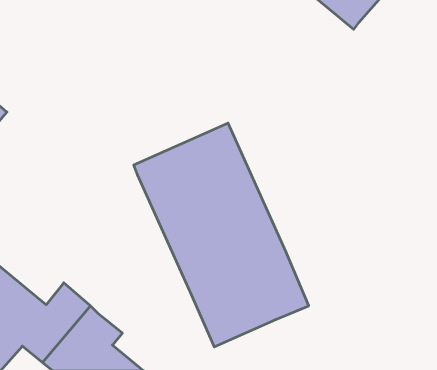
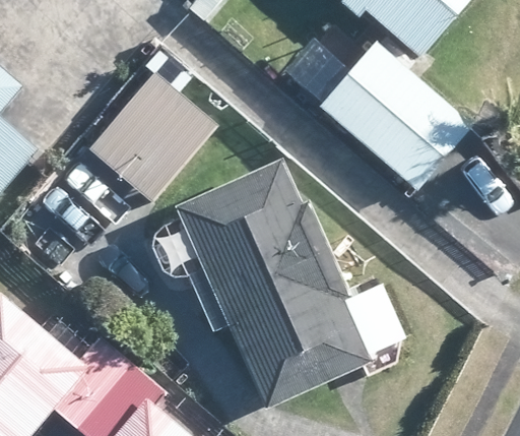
building: none -> [284,39,471,189]
building: none -> [91,46,217,201]

